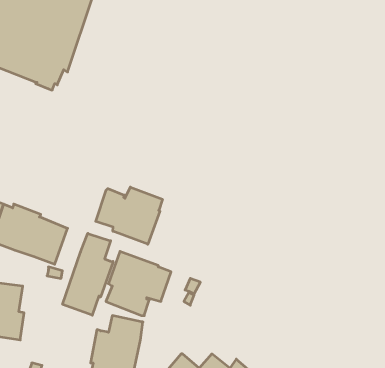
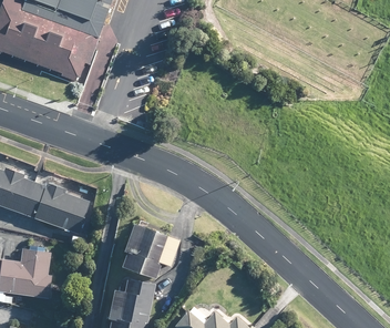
building: [96,187,162,244] -> none
building: [63,233,113,315] -> none

